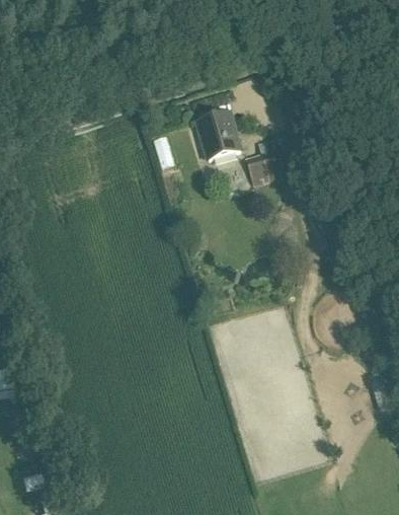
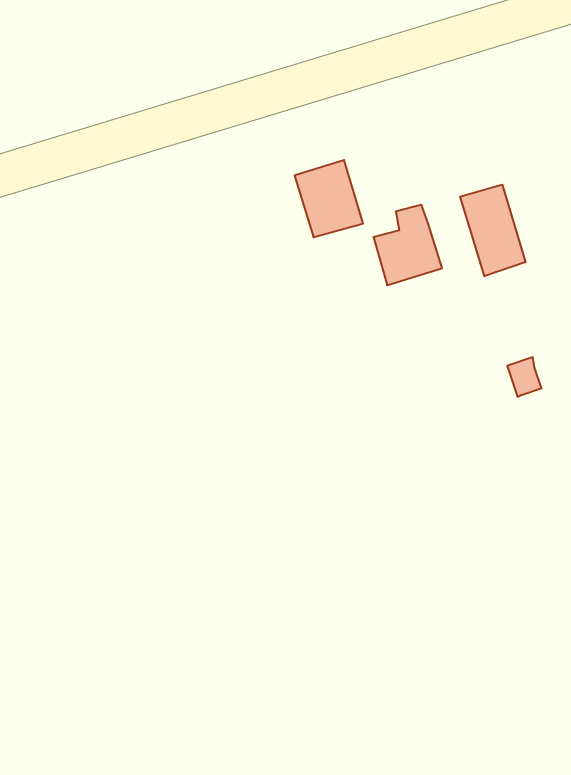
building: none -> [460,185,526,276]

